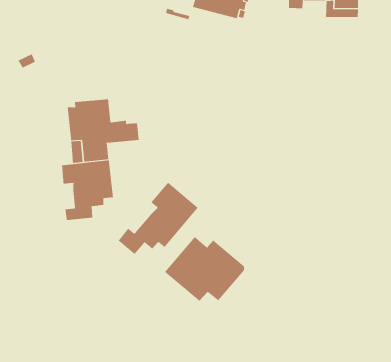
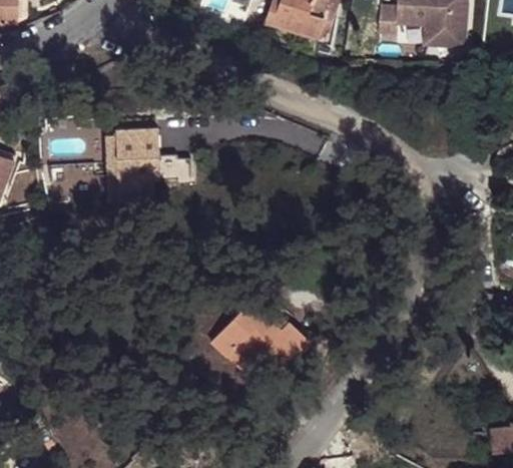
building: [61,160,114,221] -> none
building: [118,182,198,255] -> none

